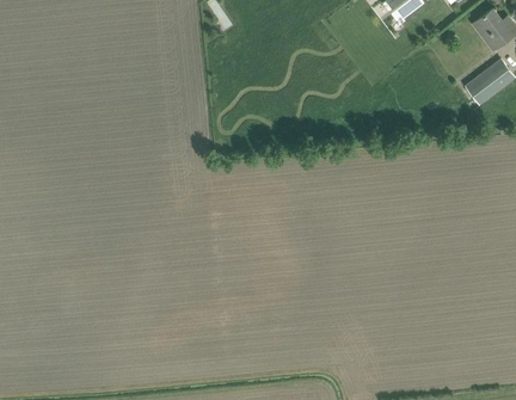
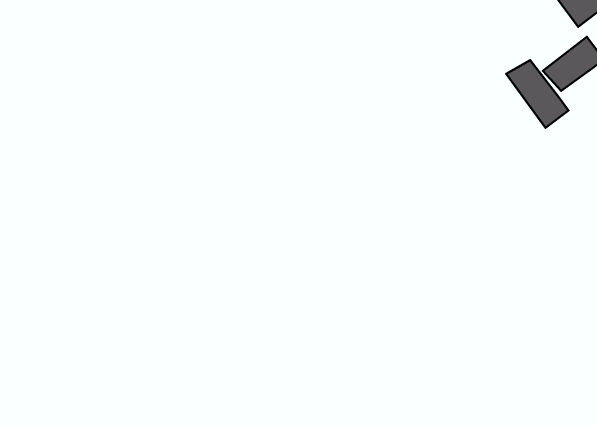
building: none -> [506,60,569,128]

